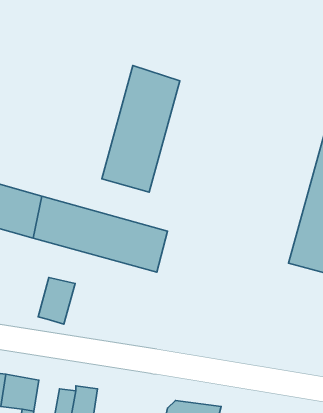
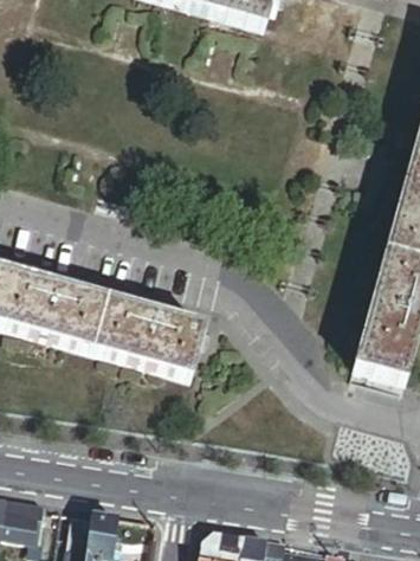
building: [102,65,180,192] -> none
building: [38,278,75,324] -> none

